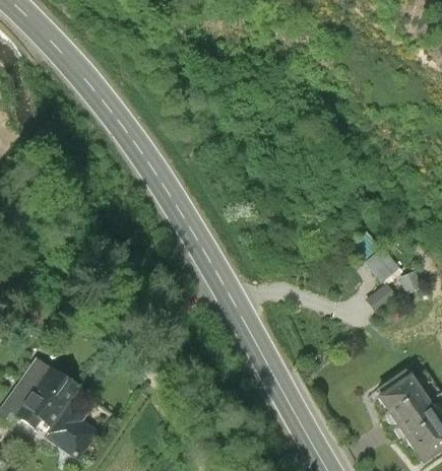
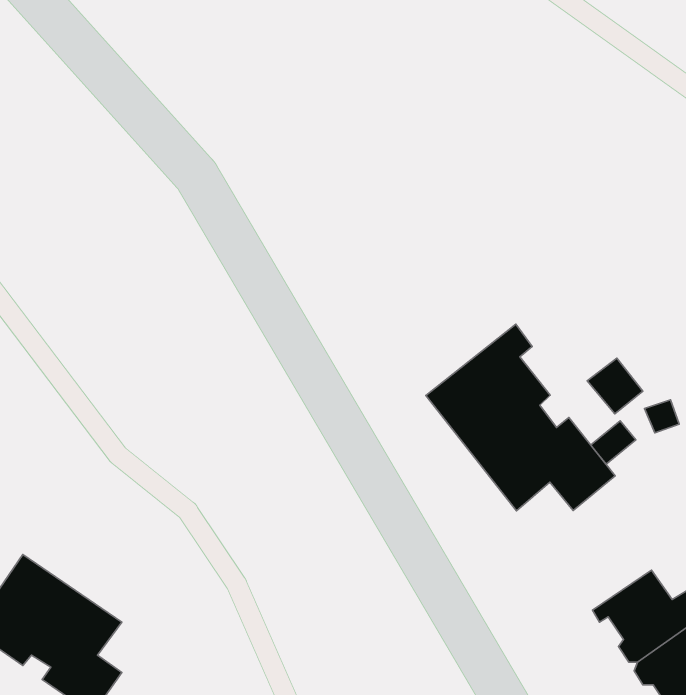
building: none -> [426,324,615,511]

